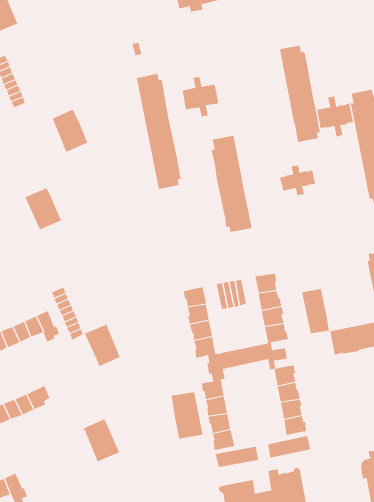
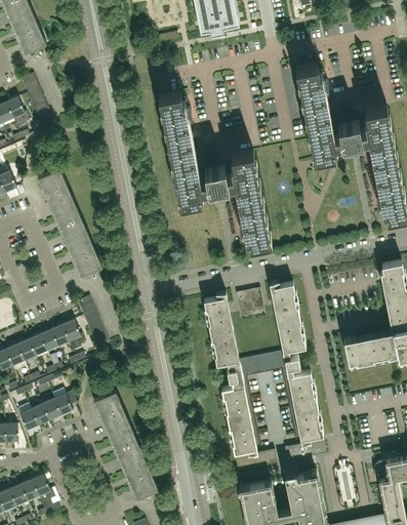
building: [182,77,219,117] -> [198,158,234,197]
building: [52,109,88,153] -> [38,168,73,210]
building: [279,165,315,196] -> none
building: none -> [66,233,101,275]
building: [302,288,329,334] -> none
building: [84,324,121,367] -> [93,391,128,432]
building: [171,392,203,440] -> none
building: none -> [121,455,157,498]

